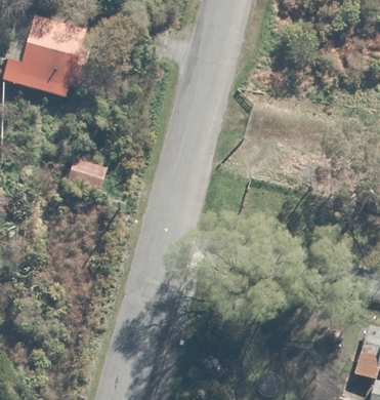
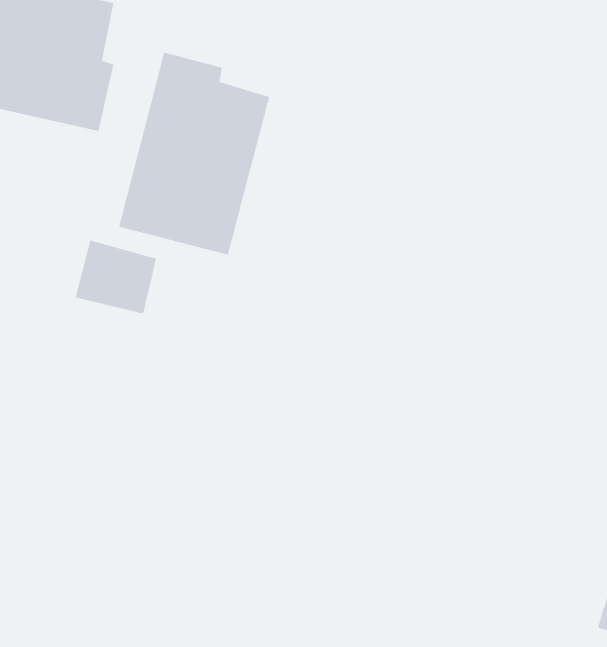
building: none -> [118,52,270,256]

